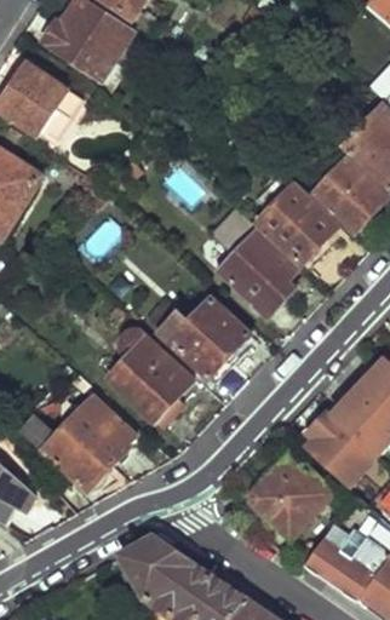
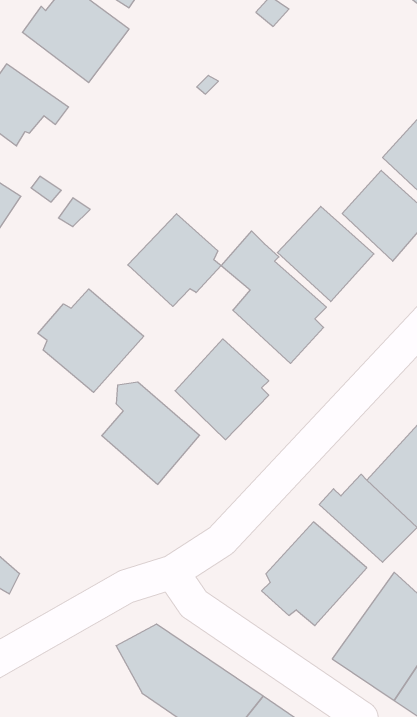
building: none -> [128,214,221,306]
building: none -> [38,289,144,392]
building: [46,398,136,493] -> none

